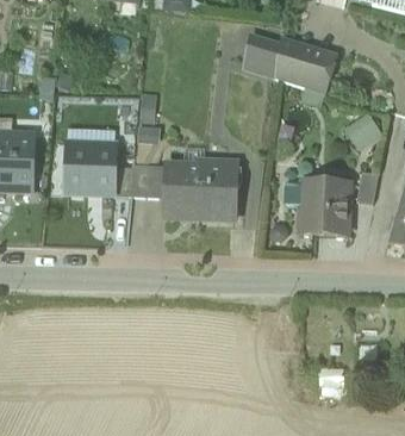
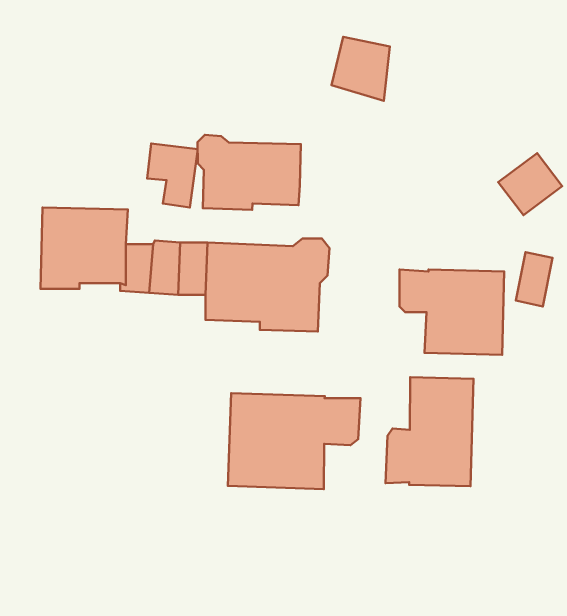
building: [274,24,337,93] -> none
building: none -> [198,135,301,210]
building: none -> [385,377,473,486]
building: none -> [228,393,361,489]

